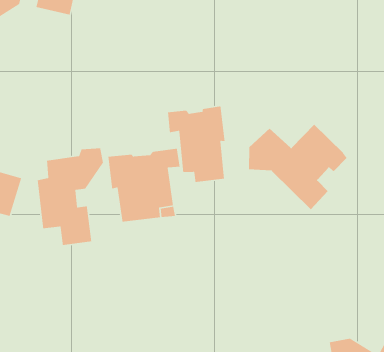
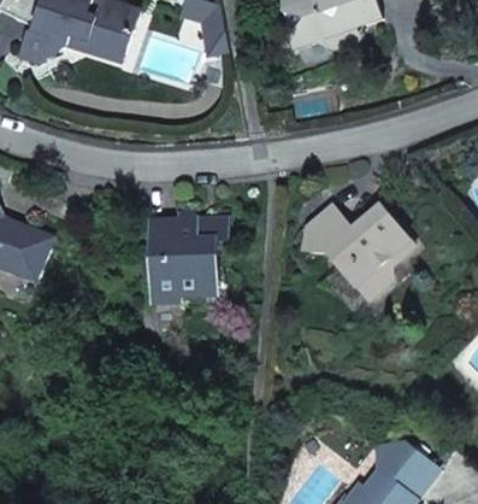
building: [167,105,225,183] -> none
building: [37,147,104,246] -> none

